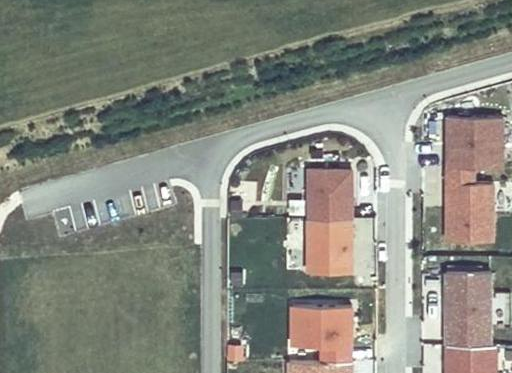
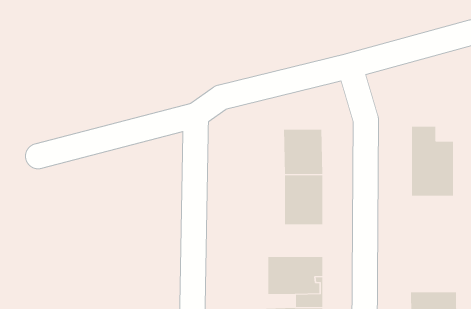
building: [445,117,502,167] -> none
building: [445,272,490,345] -> none

